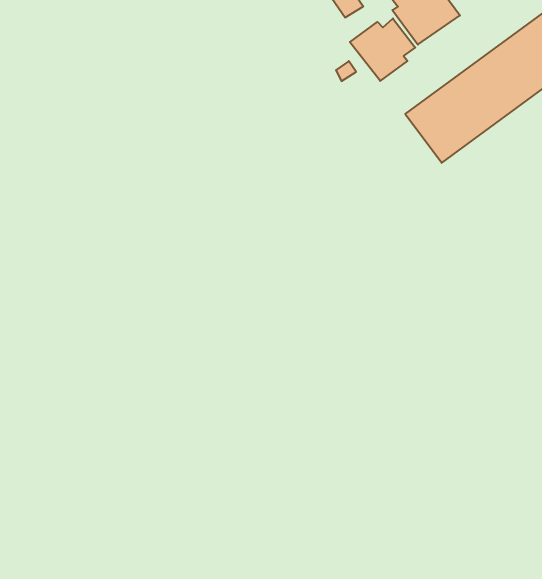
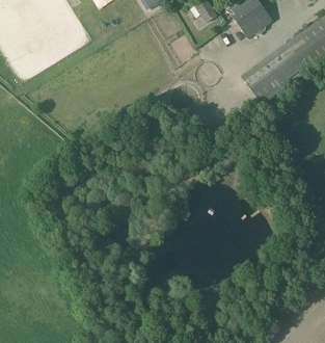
building: [350,18,415,81] -> none

